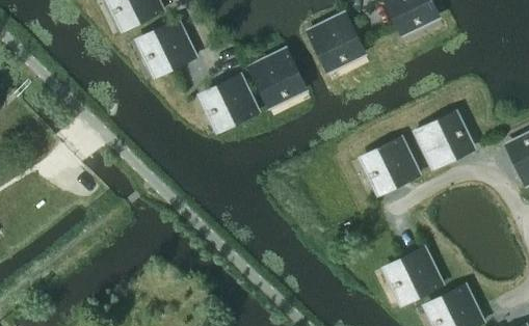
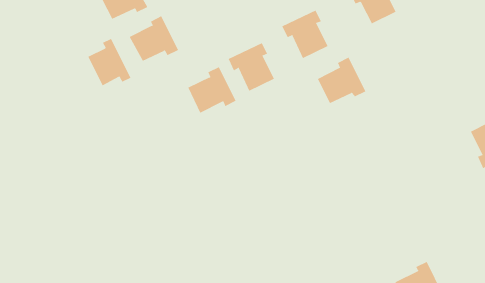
building: none -> [87,38,131,86]
building: [414,118,468,169] -> none
building: [366,137,419,188] -> [317,57,366,104]
building: [389,247,442,298] -> none

